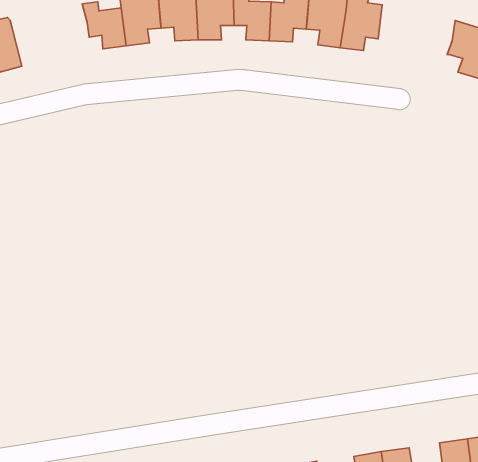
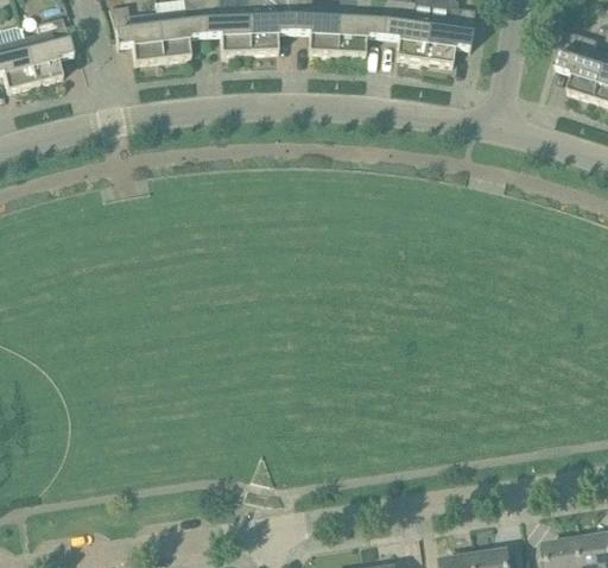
building: none -> [24,14,74,82]

